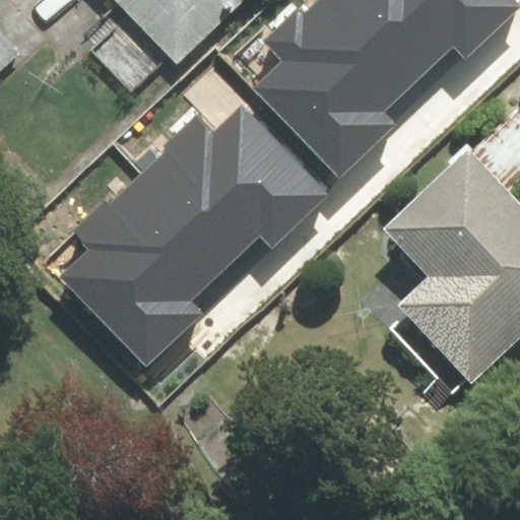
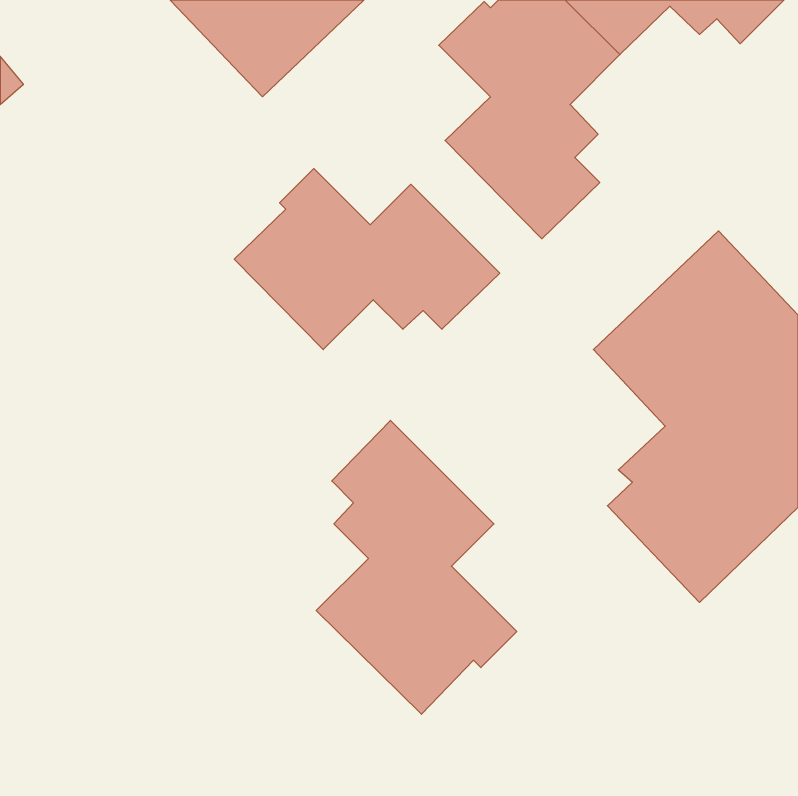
building: [77,170,210,345] -> none
building: none -> [316,420,517,714]

